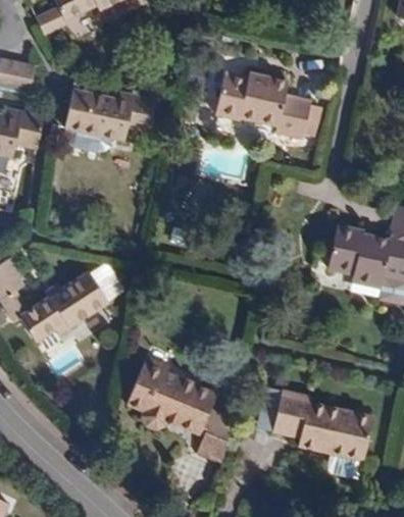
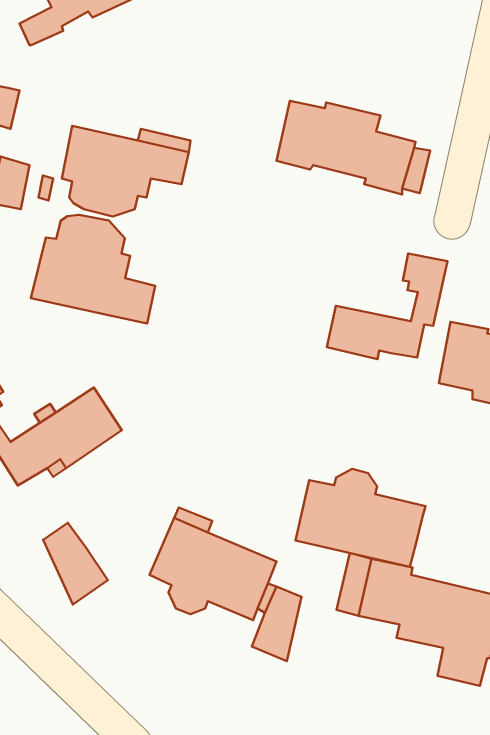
building: none -> [31,215,155,324]
building: none -> [327,253,447,359]
building: none -> [296,469,426,567]
building: none -> [43,523,108,604]

